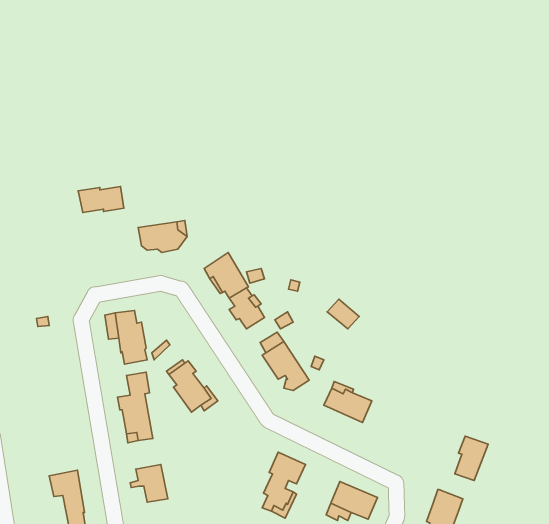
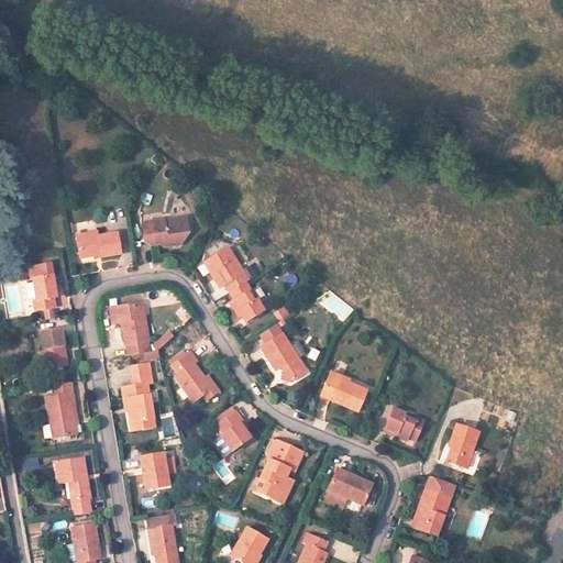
building: [78,186,124,213] -> [76,231,120,256]
building: none -> [32,274,56,309]
building: none -> [40,327,67,367]
building: none -> [44,382,77,438]
building: none -> [385,407,423,440]
building: none -> [217,409,250,450]

